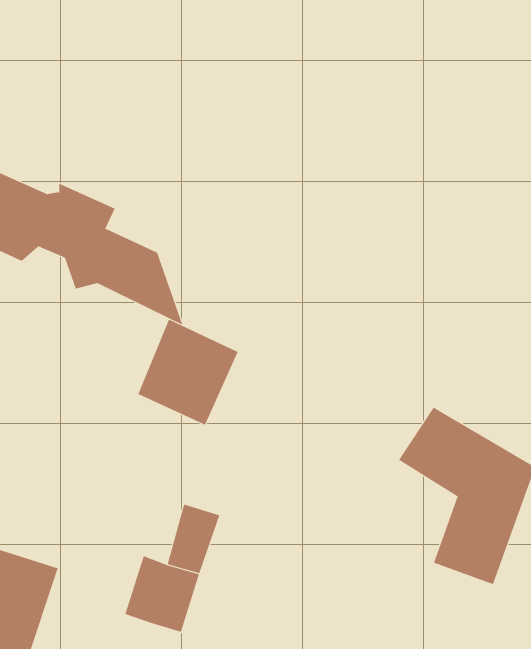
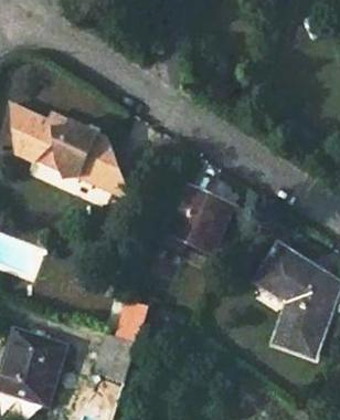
building: [137,319,238,425] -> [172,187,233,251]

